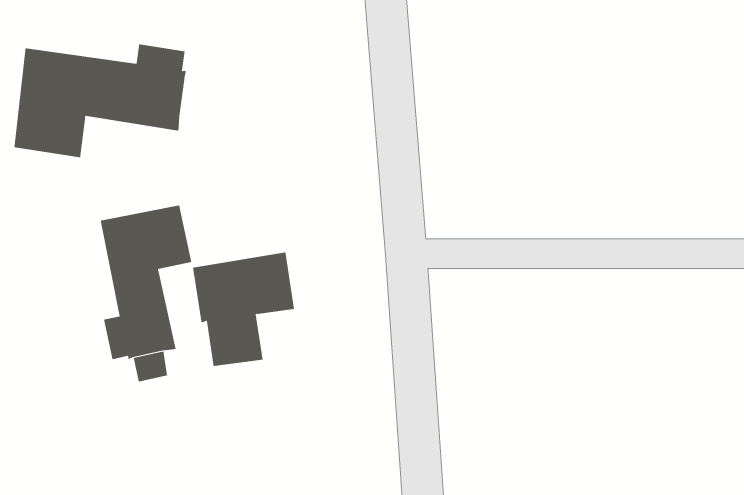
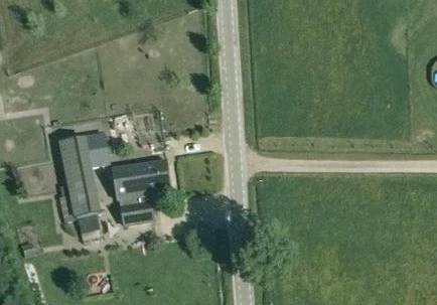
building: [14,43,187,158] -> none

